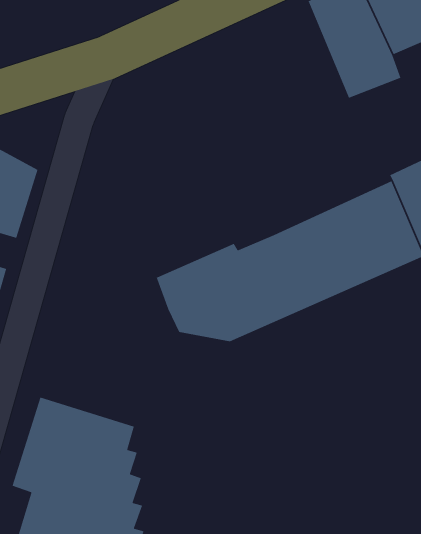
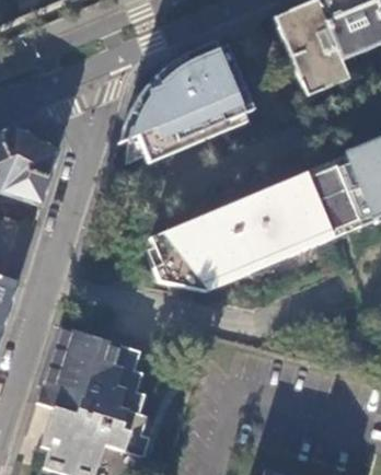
building: none -> [131,53,255,167]

